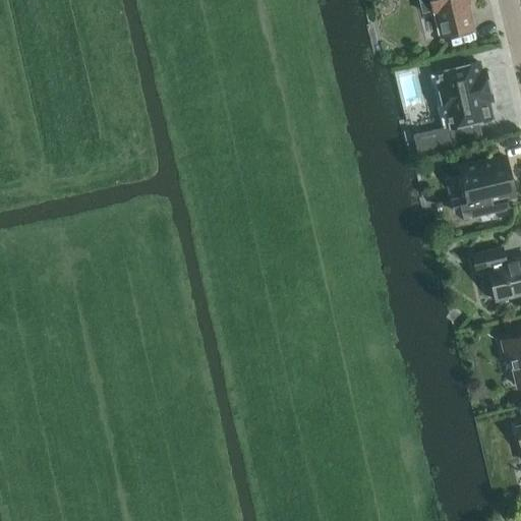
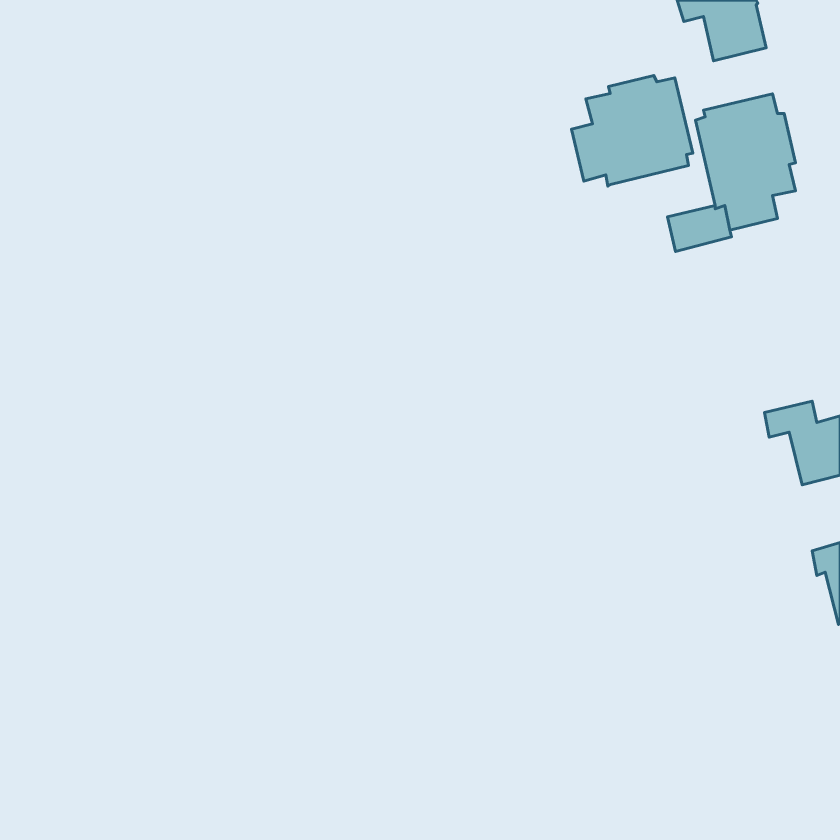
building: none -> [572,76,693,186]
building: [453,157,515,217] -> none

